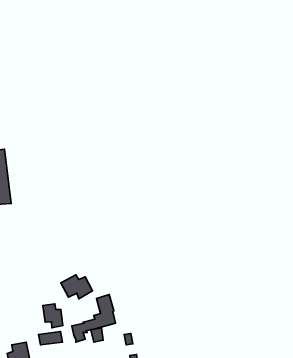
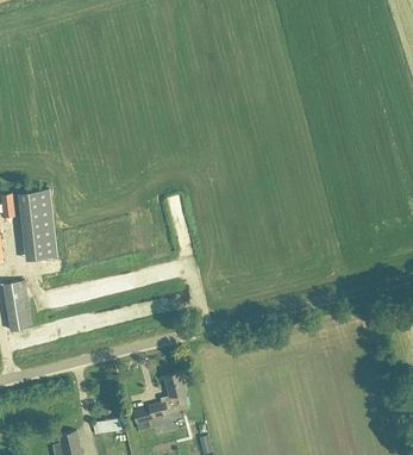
building: [61,275,92,299] -> none
building: [43,304,63,328] -> none

